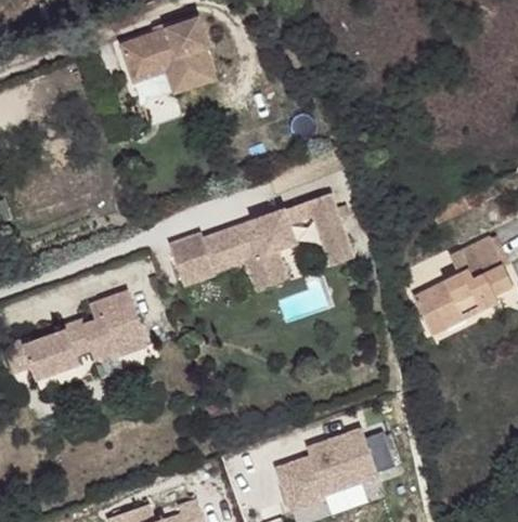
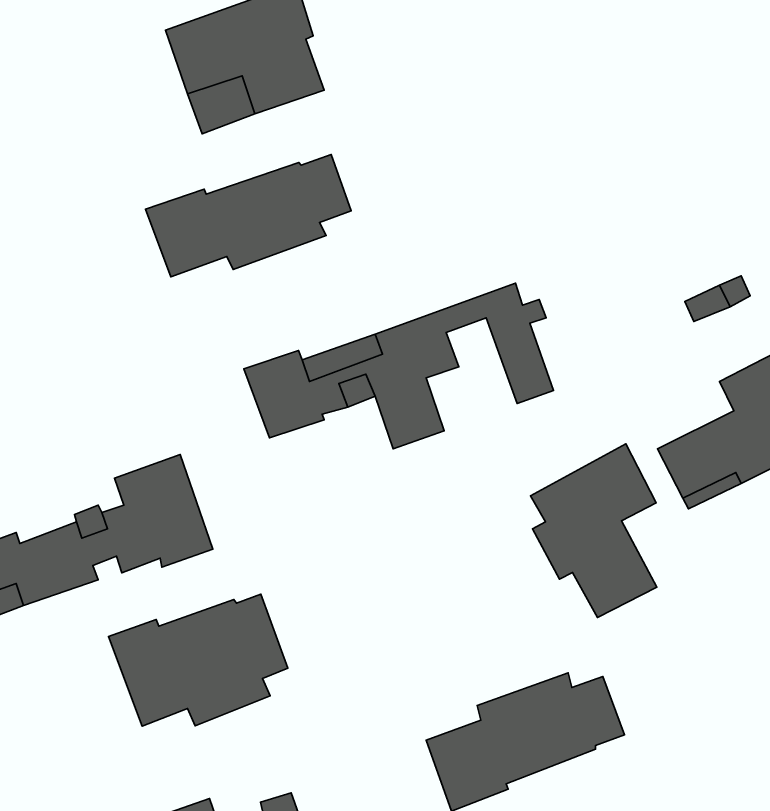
building: none -> [146,154,351,277]
building: none -> [531,444,657,617]
building: none -> [108,594,288,726]

